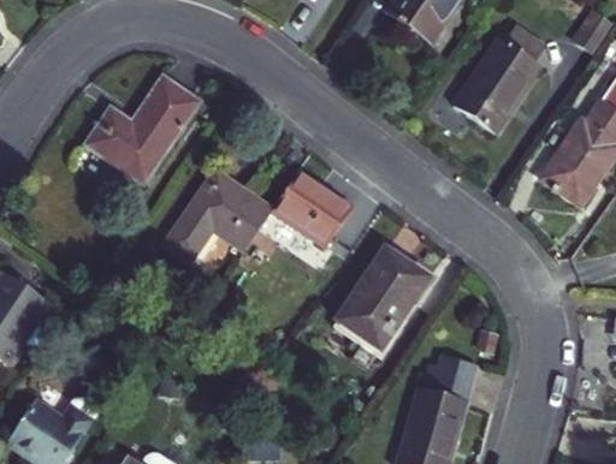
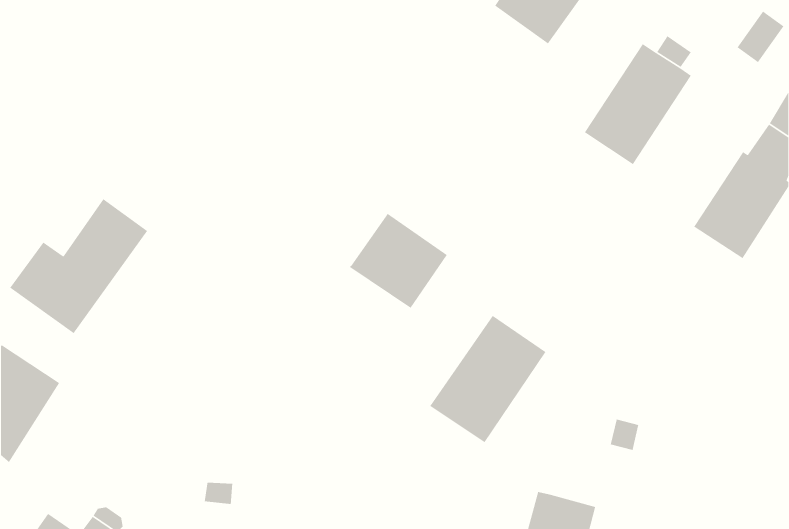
building: [88,75,196,180] -> [9,198,148,334]
building: [166,171,273,260] -> none
building: [430,353,474,399] -> none

